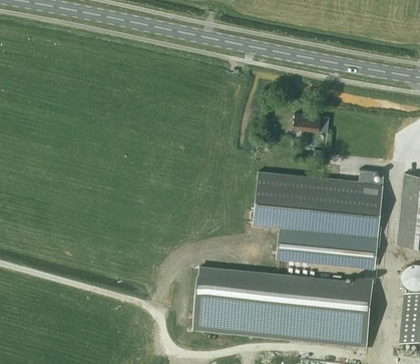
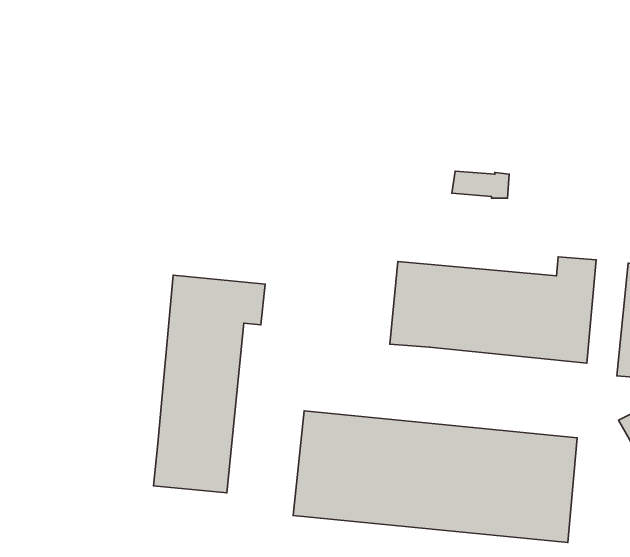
building: none -> [153,275,265,493]
building: [276,226,378,266] -> none

